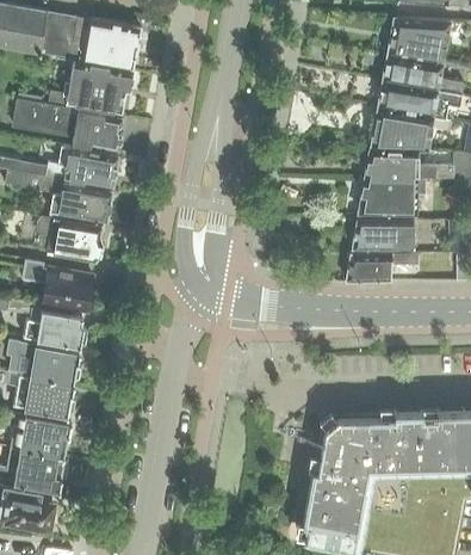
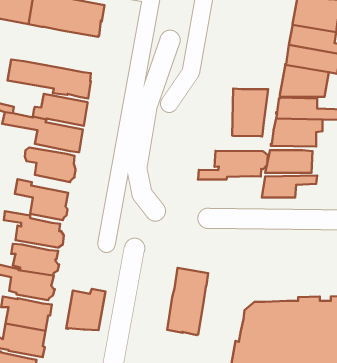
building: [49,56,134,112] -> none
building: none -> [232,88,268,136]
building: none -> [198,151,268,180]
building: none -> [167,268,208,335]
building: none -> [66,289,106,330]

